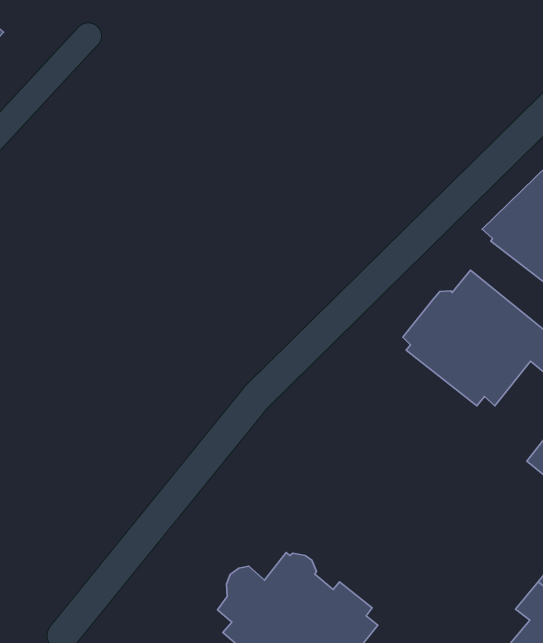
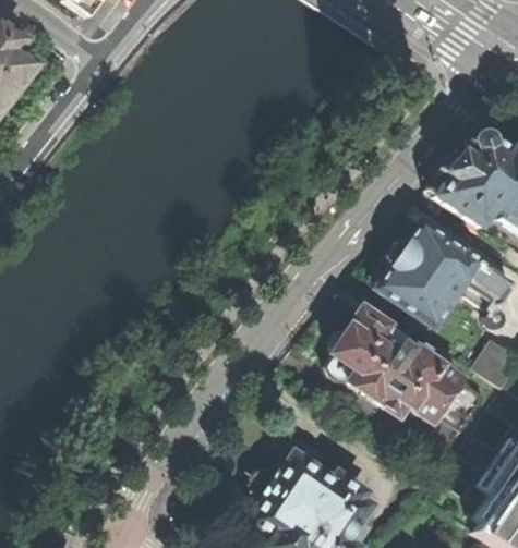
building: none -> [328,309,487,428]

